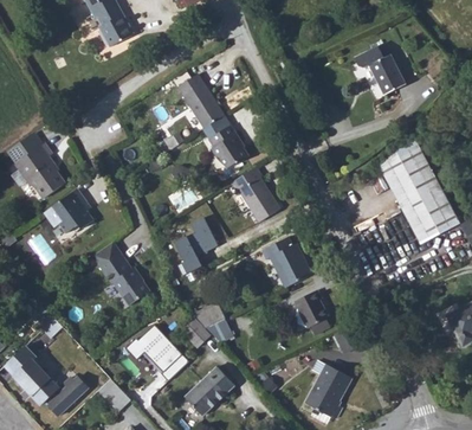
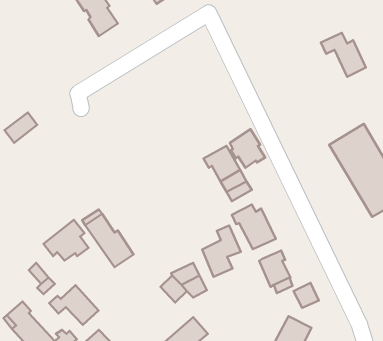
building: [176,77,224,130] -> none
building: [207,124,247,168] -> [230,129,265,168]
building: [17,145,65,198] -> none
building: [43,190,93,236] -> [44,220,89,260]
building: [172,216,215,274] -> [202,226,241,277]
building: [124,326,180,371] -> [49,285,98,325]

